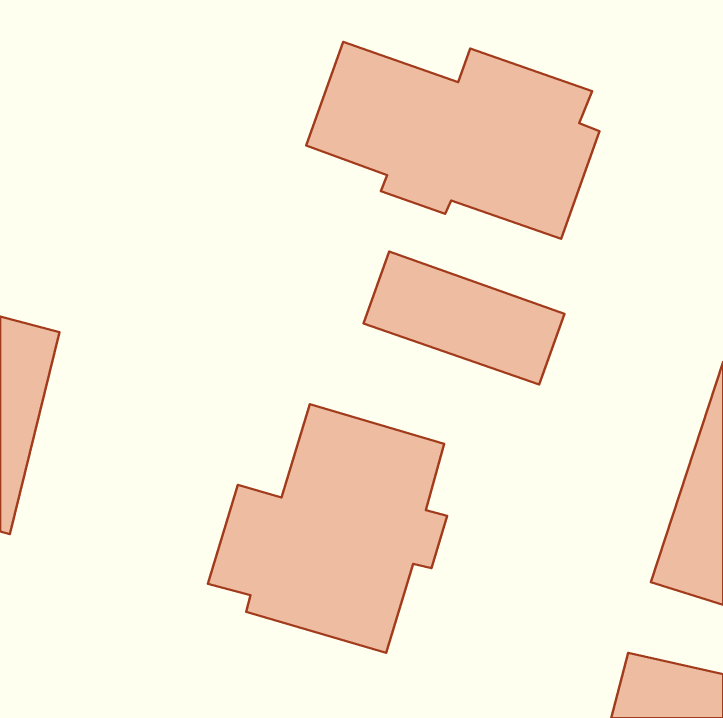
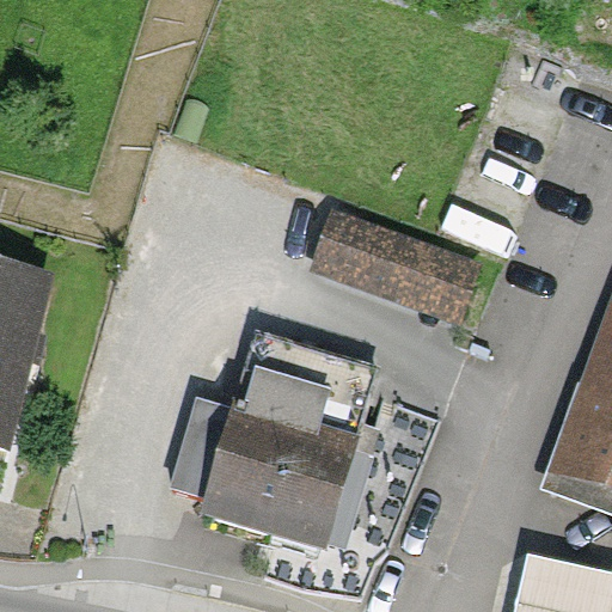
building: [306,42,600,239] -> none

